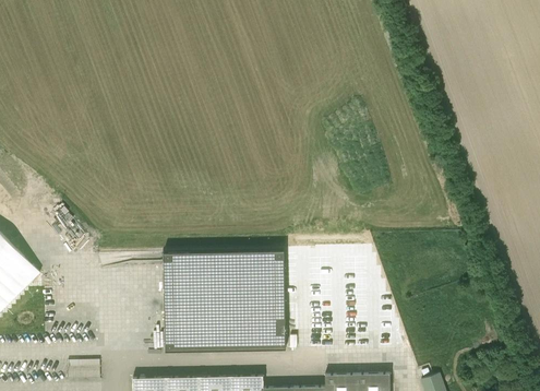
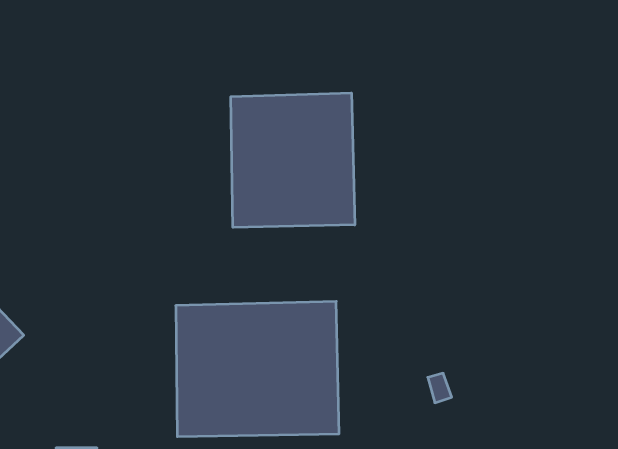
building: none -> [231,93,355,227]

